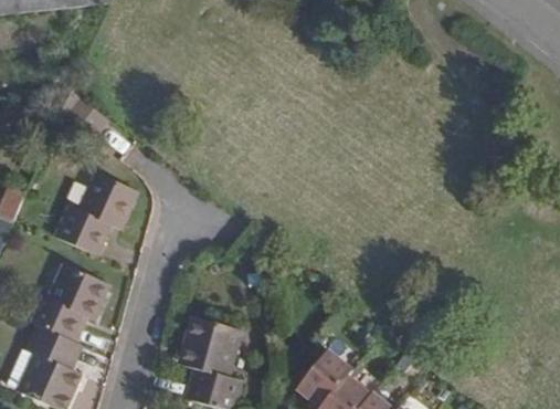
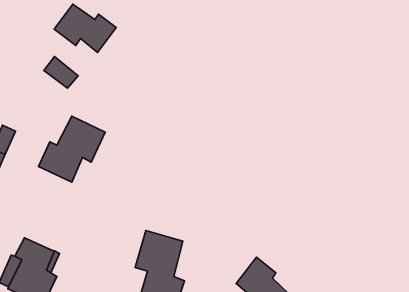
building: none -> [54,4,116,53]
building: [32,264,110,342] -> none

